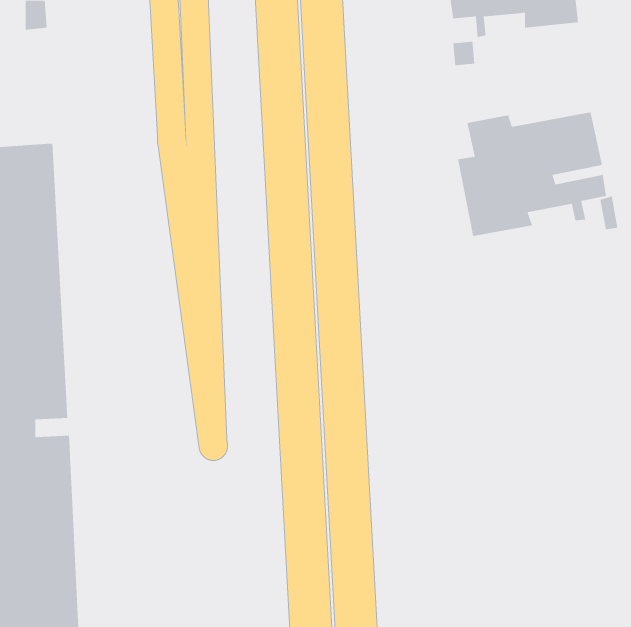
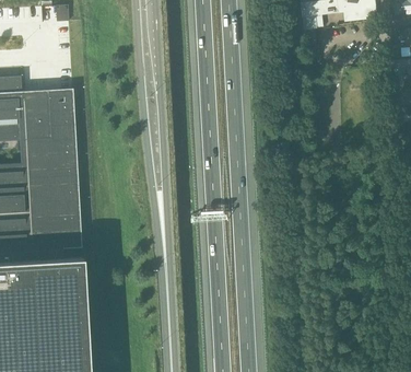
building: [457,112,606,237] -> none

